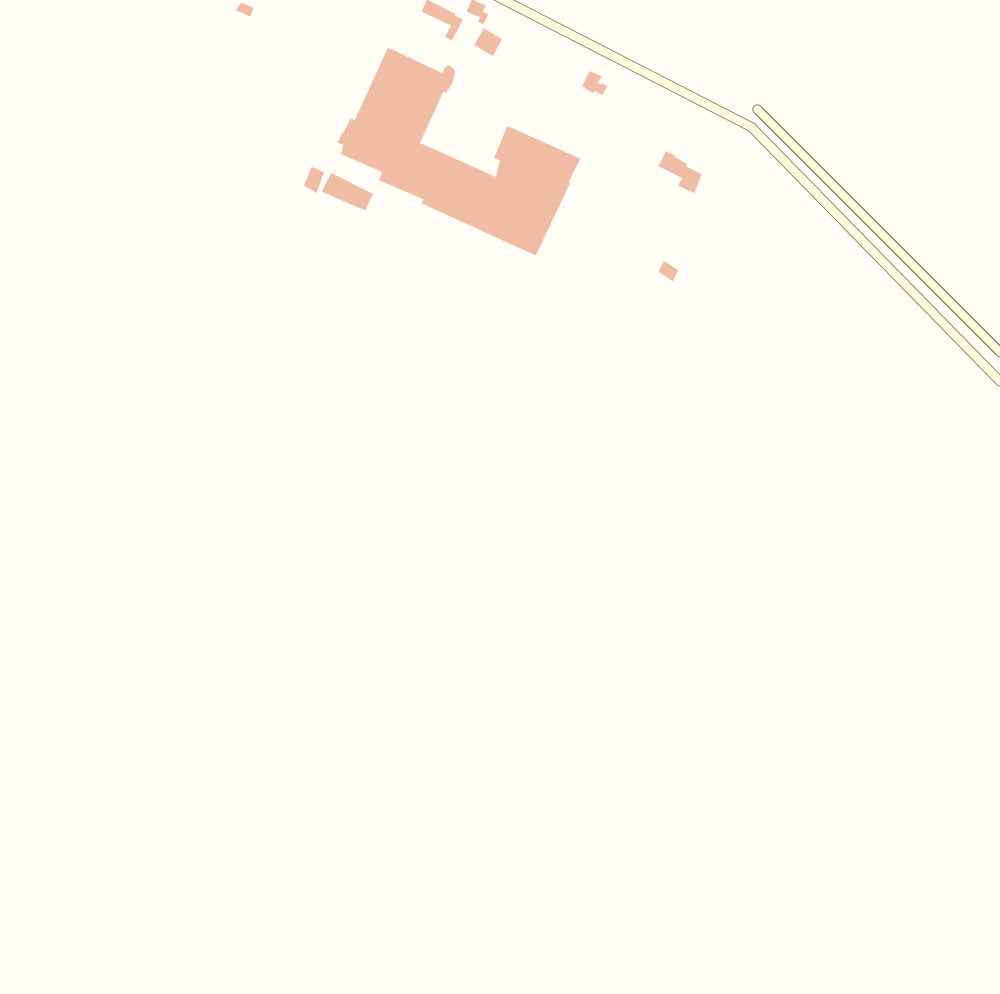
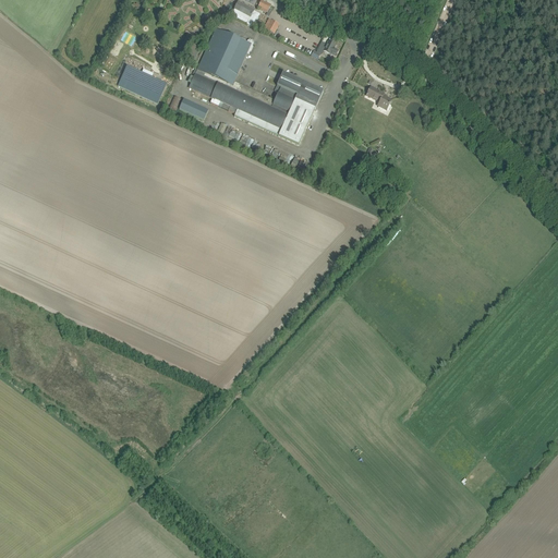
building: none -> [118,63,167,101]

